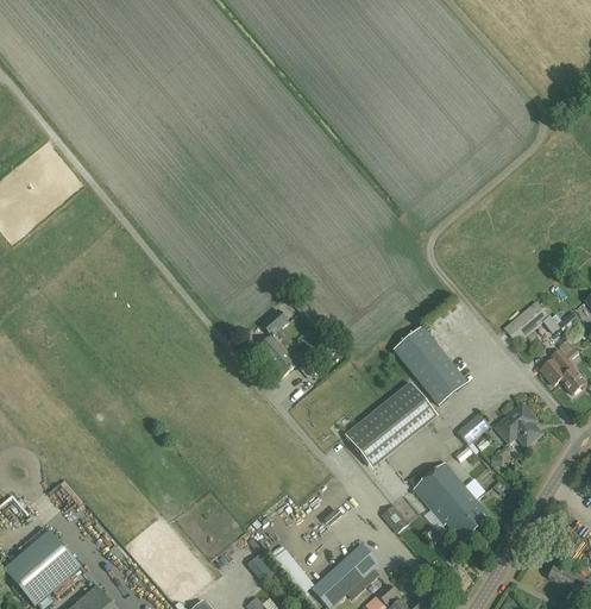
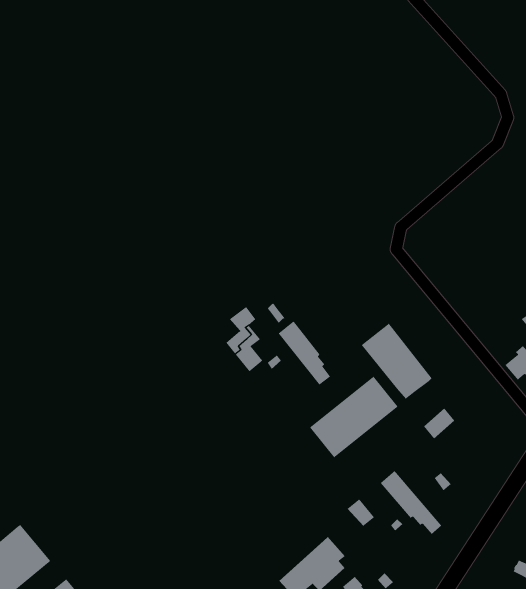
building: [504,301,549,343] -> none
building: none -> [278,320,331,386]
building: [496,403,541,446] -> none
building: [429,462,492,532] -> none

